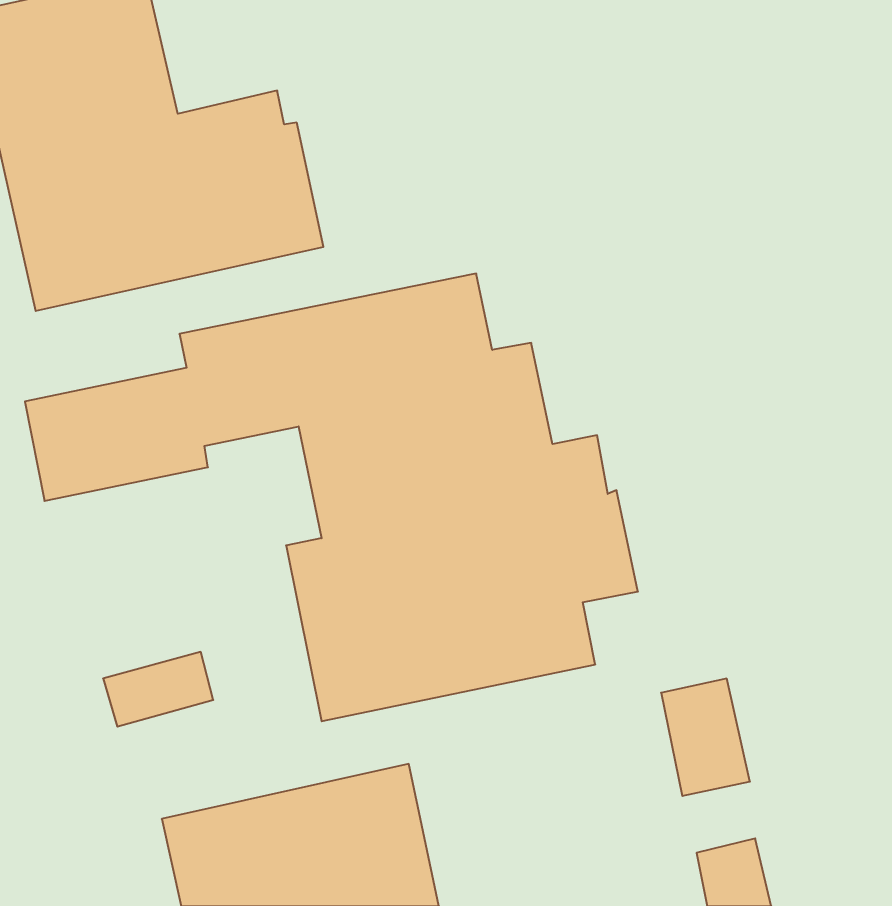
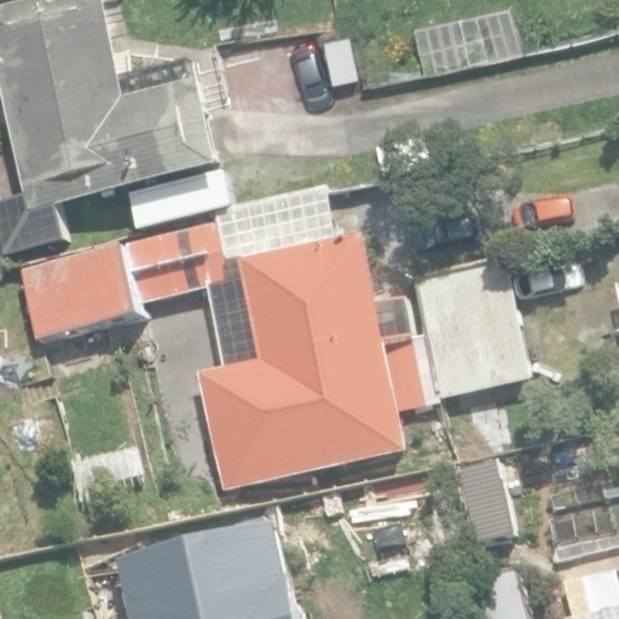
building: none -> [412,256,528,398]

